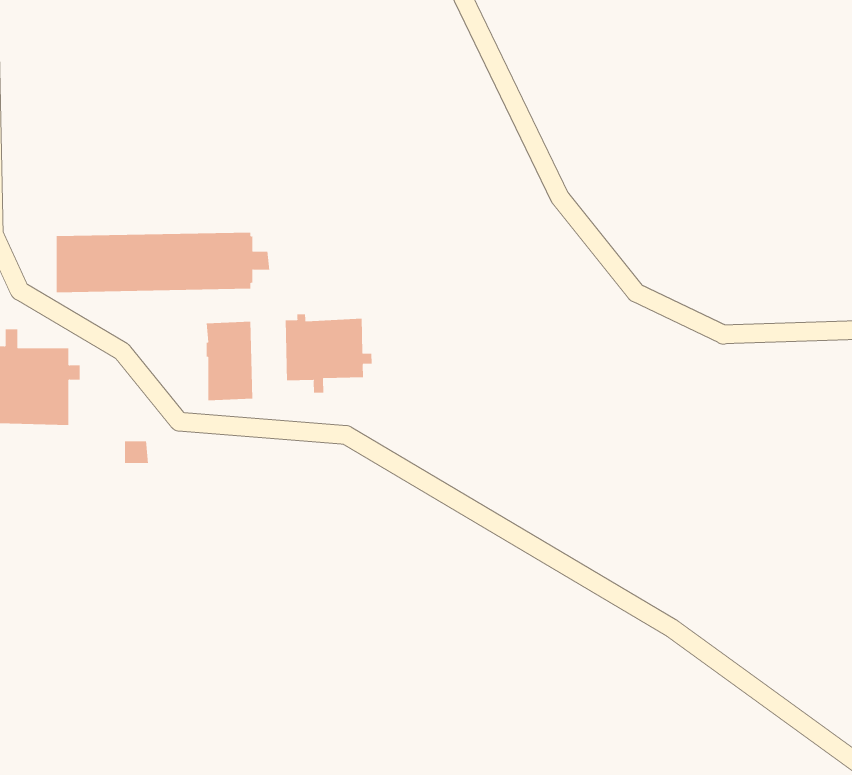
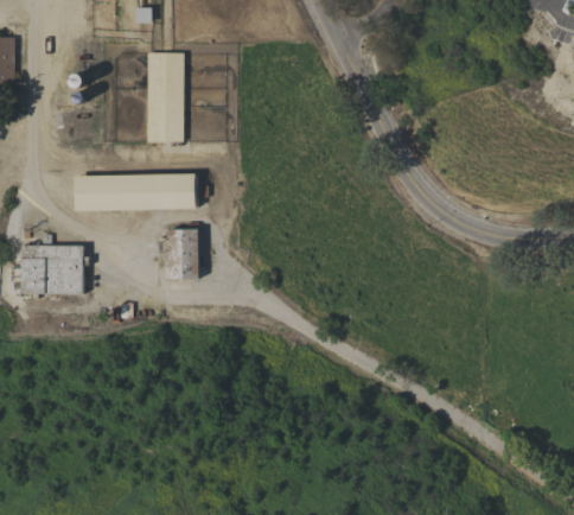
building: none -> [147,52,184,142]
building: [285,313,372,394] -> none

